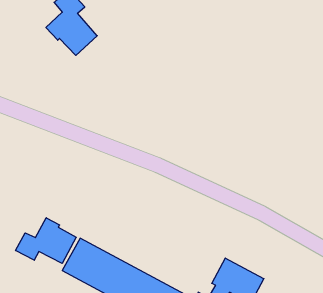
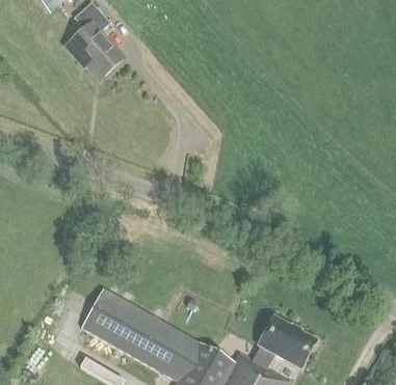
building: [16,218,76,263] -> none

